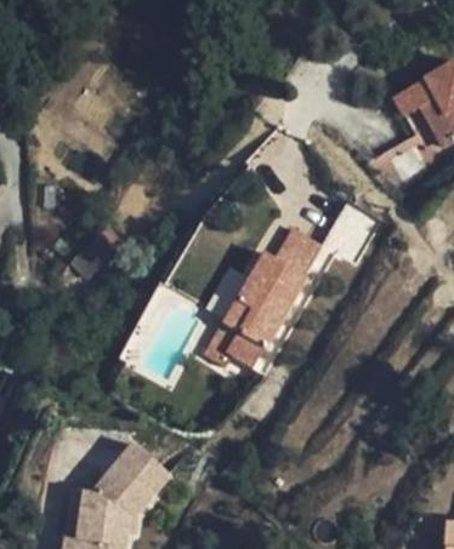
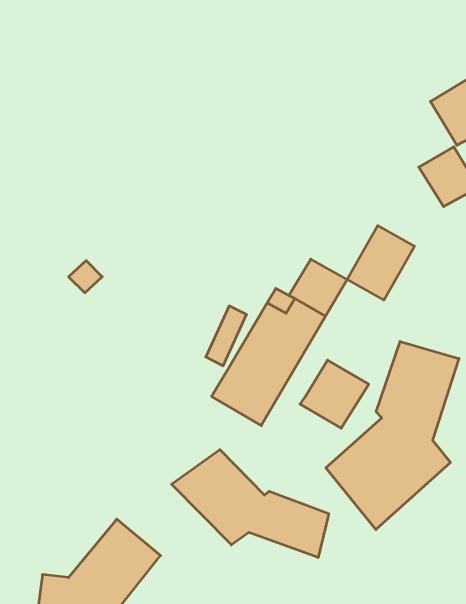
building: none -> [326,341,459,530]
building: none -> [300,360,369,428]
building: none -> [172,450,329,558]

